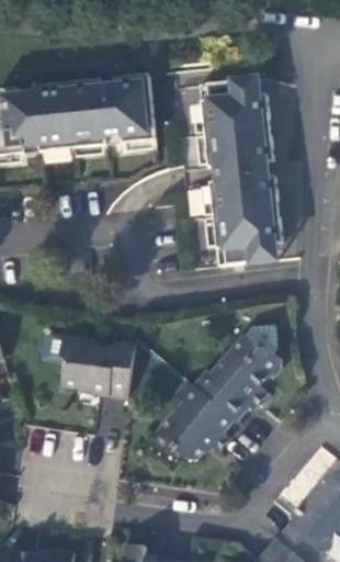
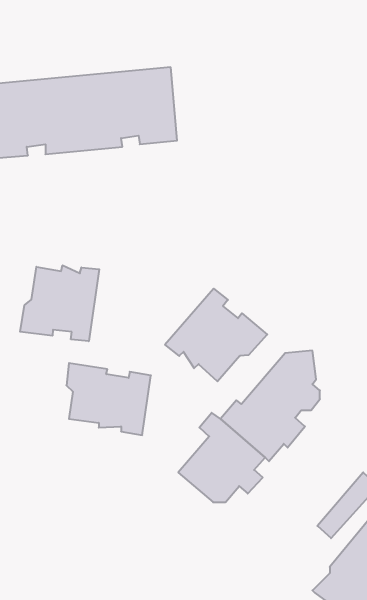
building: [201,79,284,265] -> none
building: none -> [20,265,99,341]
building: none -> [165,289,267,381]

